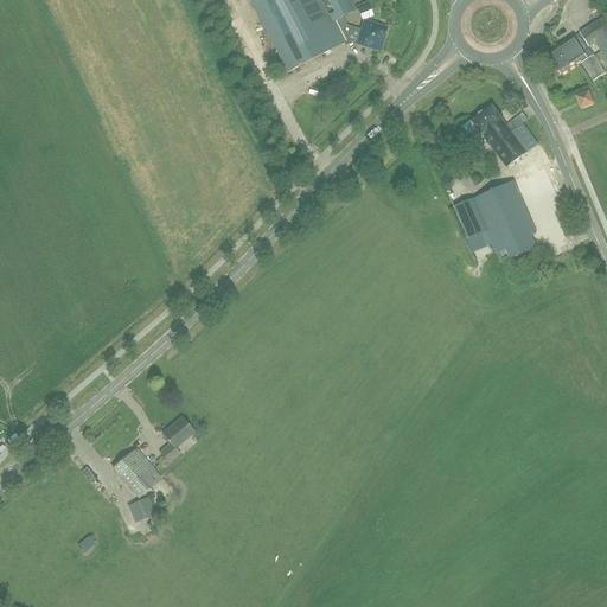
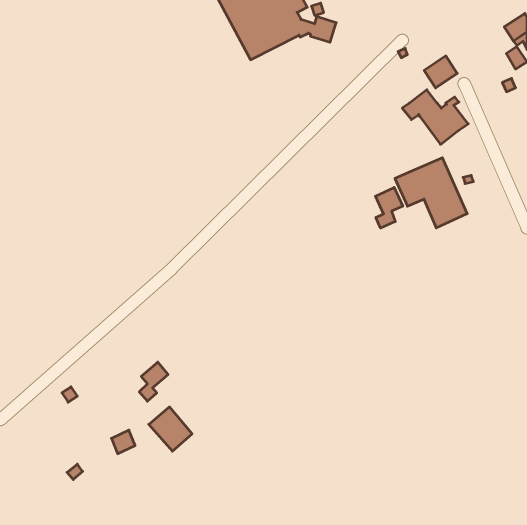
building: [548,36,586,72] -> [424,56,457,88]
building: none -> [375,187,403,228]
building: [111,446,161,497] -> [149,407,192,451]

